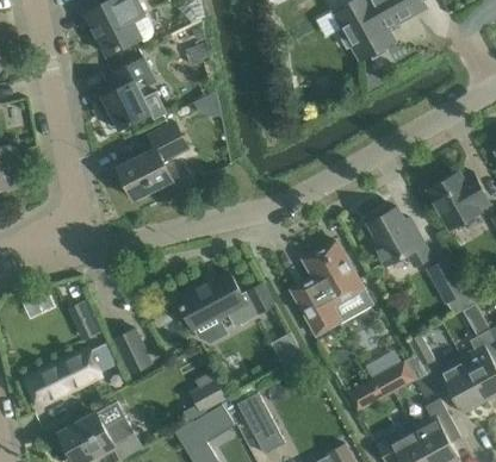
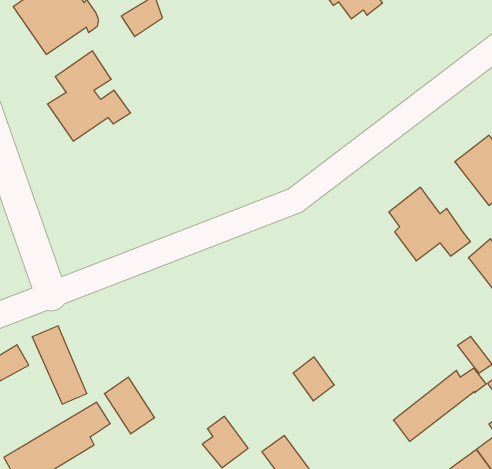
building: [117,123,198,200] -> none
building: [291,242,371,335] -> none
building: [175,274,273,331] -> none

